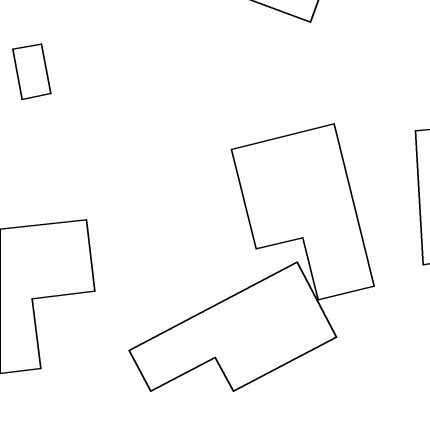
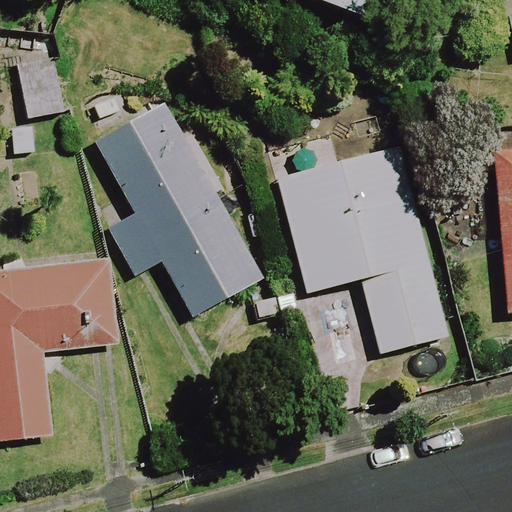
building: none -> [96,101,263,316]
building: [129,262,336,391] -> none

